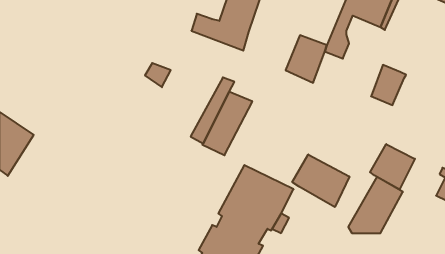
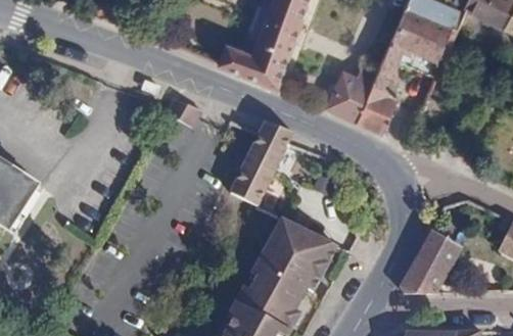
building: [371,65,406,105] -> [359,87,399,133]
building: [370,144,415,190] -> none
building: [292,154,349,207] -> none

